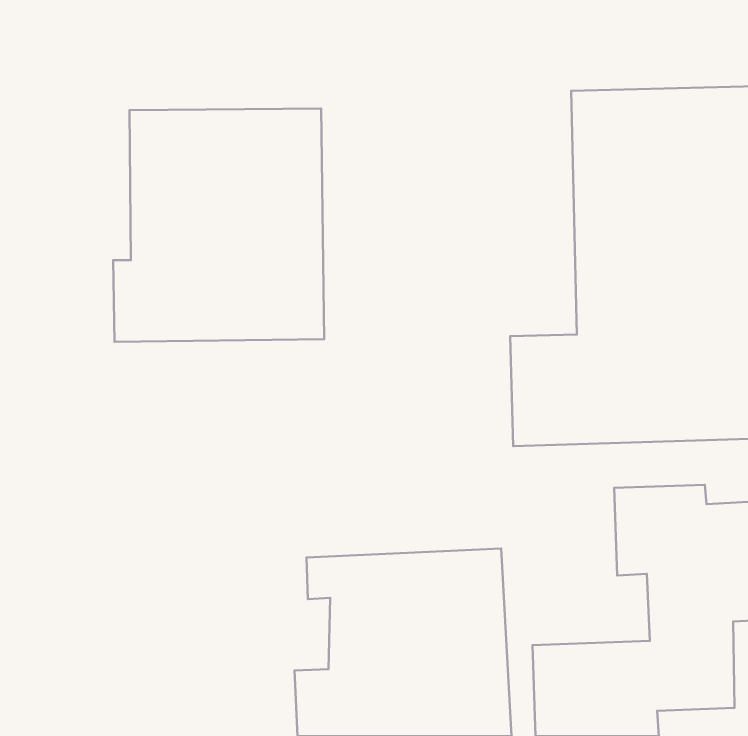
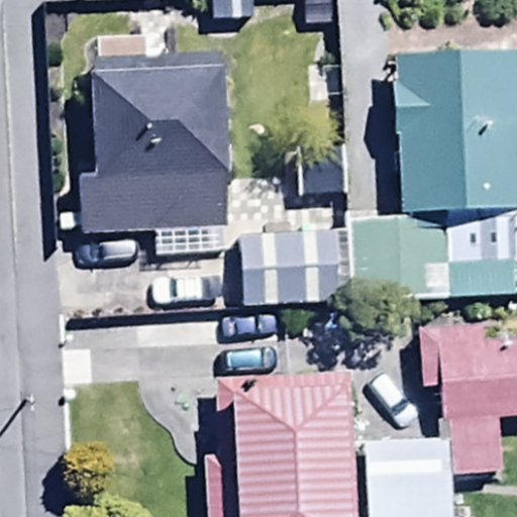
building: none -> [239,230,338,305]

